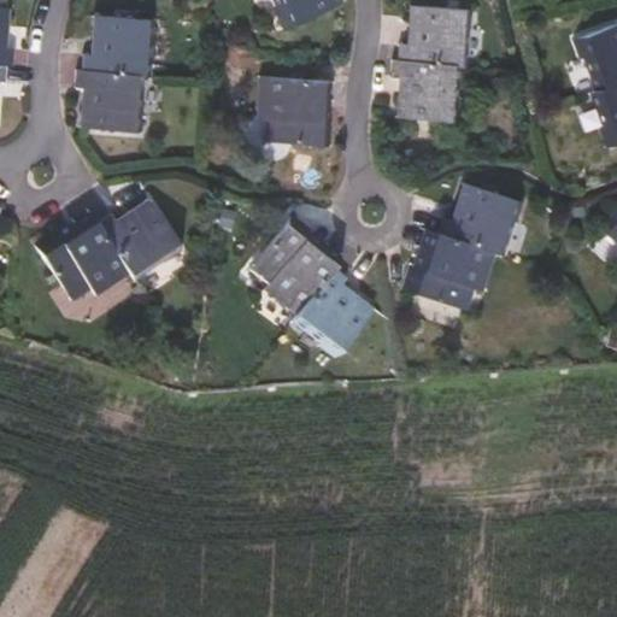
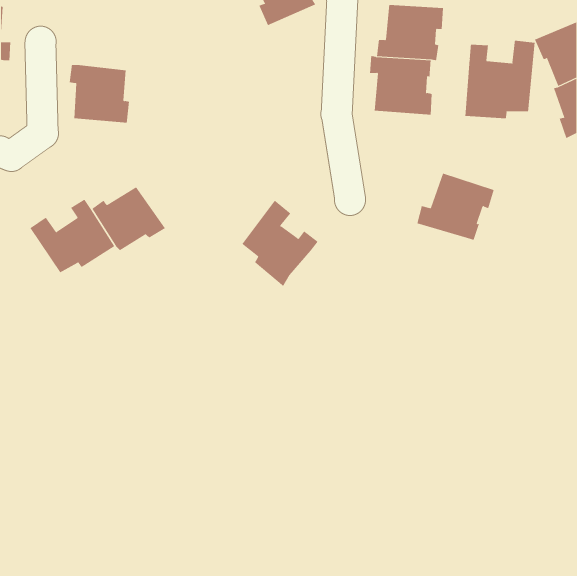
building: [82,17,152,76] -> none
building: none -> [465,40,535,119]
building: [258,76,317,146] -> none
building: [409,235,498,315] -> none
building: [299,268,374,348] -> none

